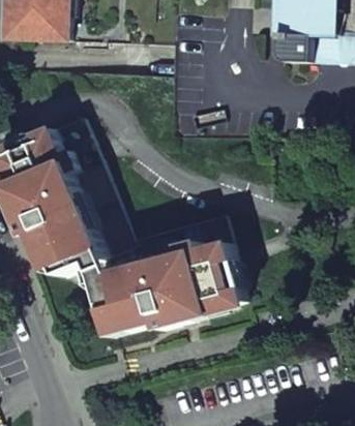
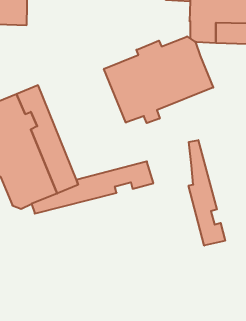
building: none -> [104,36,213,123]
building: none -> [189,140,225,246]
building: [77,243,244,337] -> none

